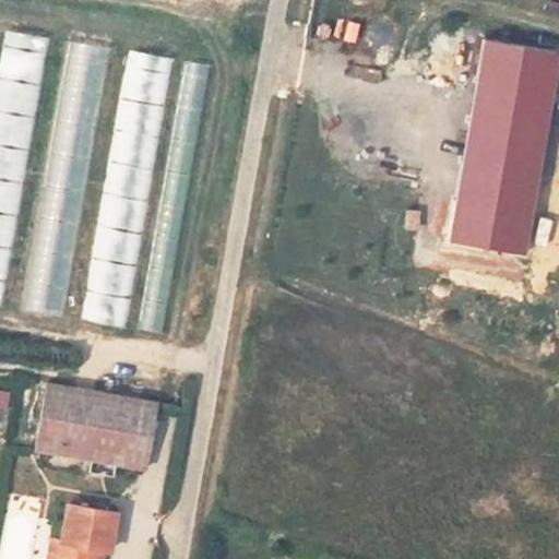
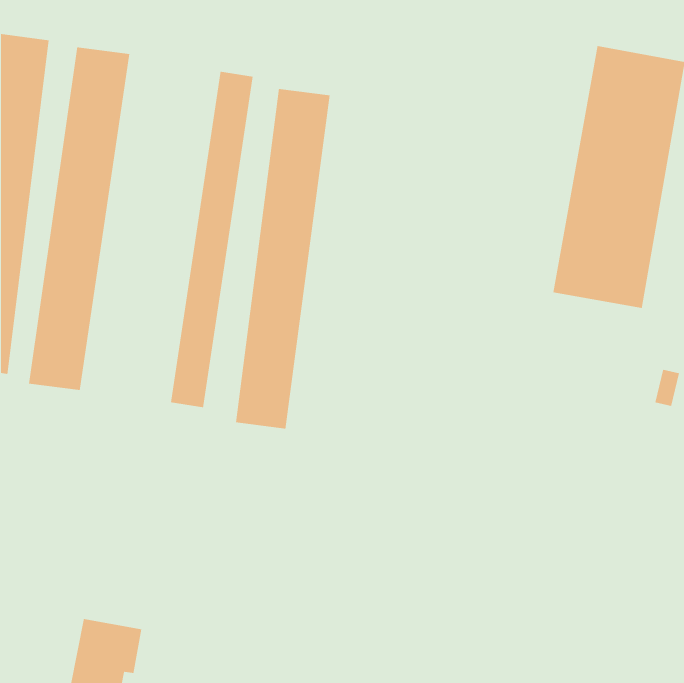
building: [87,49,165,326] -> [235,88,330,429]
building: [39,386,156,472] -> none

